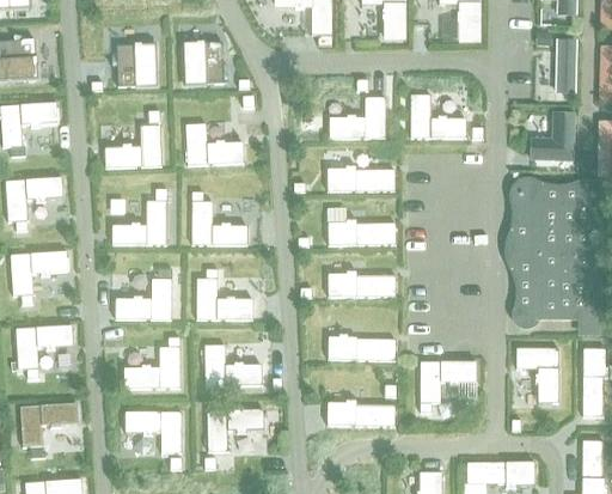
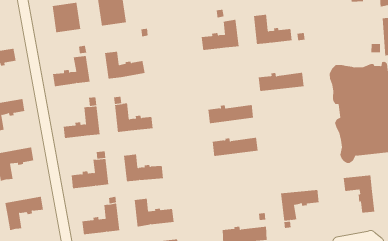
building: [530,111,575,160] -> none
building: [326,167,393,193] -> [258,72,305,92]
building: [330,334,396,359] -> none

